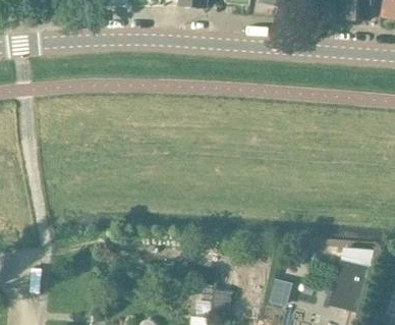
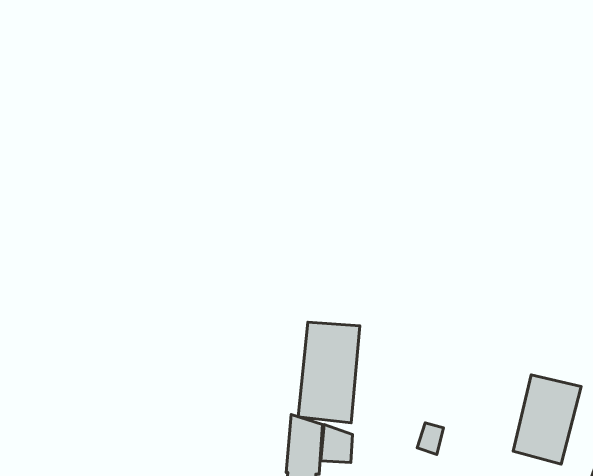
building: none -> [298,322,360,423]

